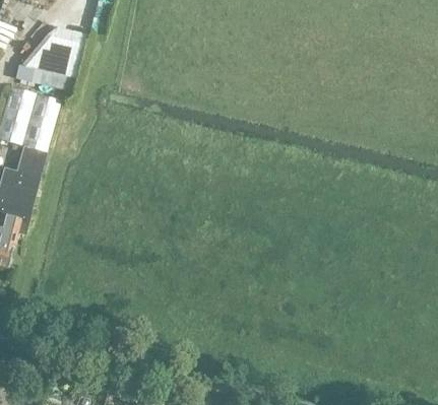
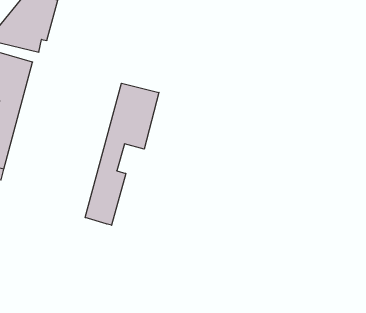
building: none -> [85,83,159,225]

